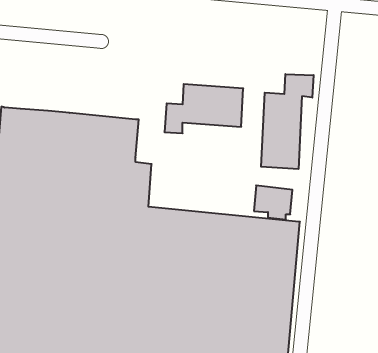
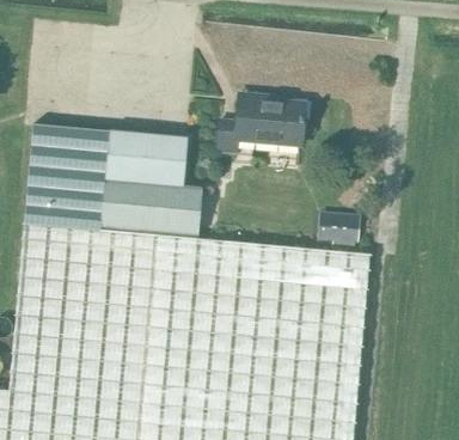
building: [261,74,314,169] -> none

